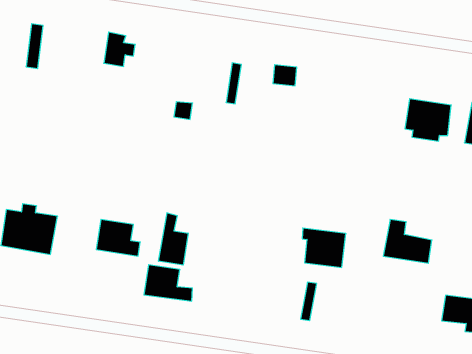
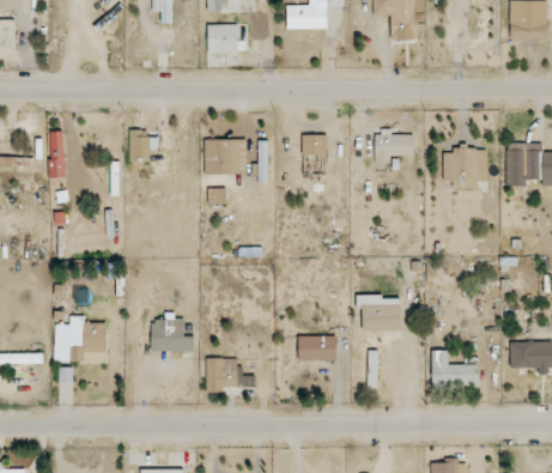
building: none -> [204,140,245,176]
building: none -> [375,132,413,163]
building: [159,213,188,265] -> none
building: [383,219,432,263] -> [431,351,478,389]
building: none -> [298,336,336,362]

